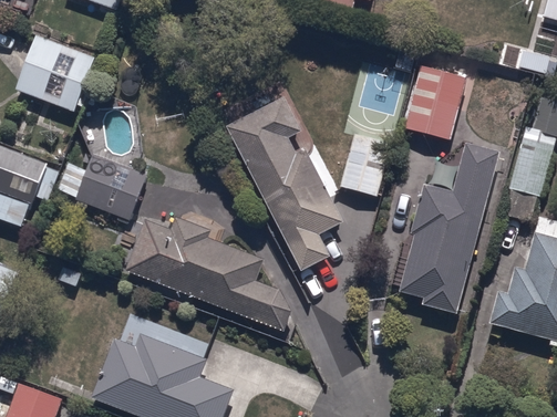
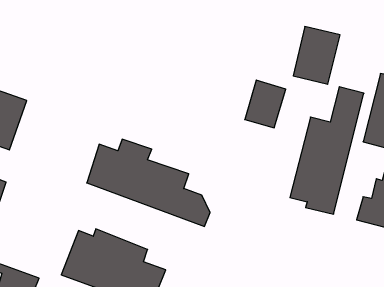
building: [14,33,93,111] -> none
building: [231,116,343,270] -> none
building: [58,154,146,212] -> none

